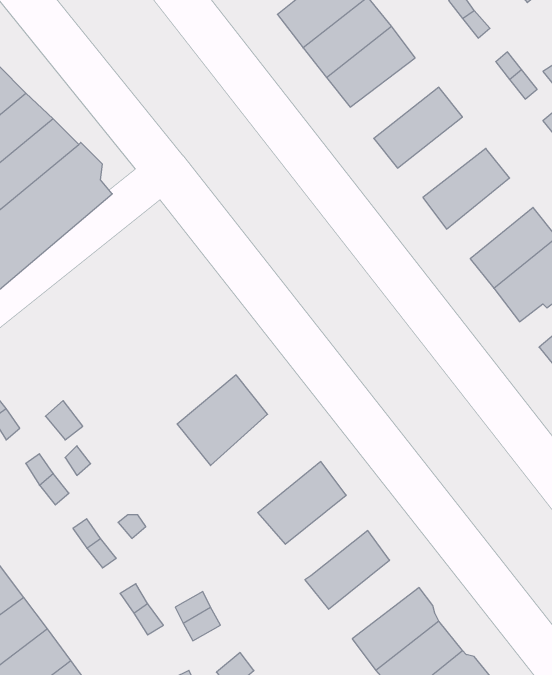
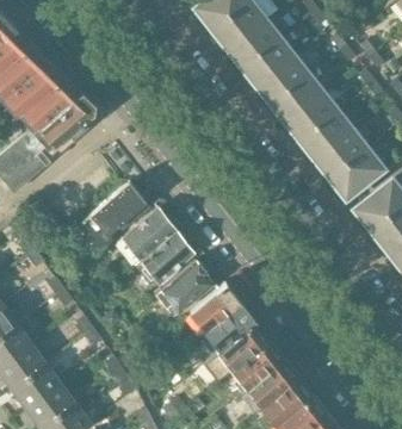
building: none -> [243,38,297,87]
building: none -> [272,74,326,123]
building: none -> [302,111,354,160]
building: none -> [74,182,146,253]
building: none -> [122,209,174,260]
building: none -> [154,260,214,313]
building: none -> [204,303,255,352]
building: none -> [230,342,285,390]

